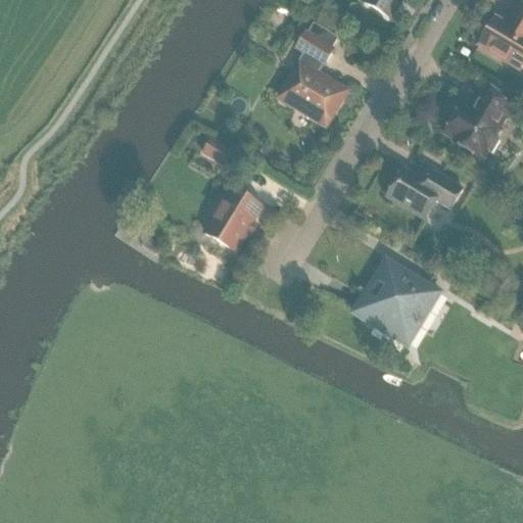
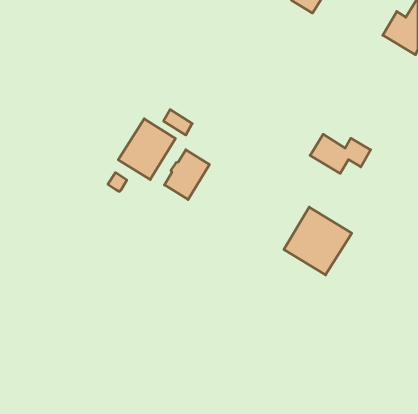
building: [279,20,346,124] -> none
building: [444,90,512,156] -> none
building: none -> [118,119,175,180]

